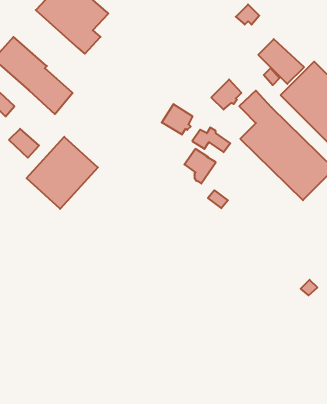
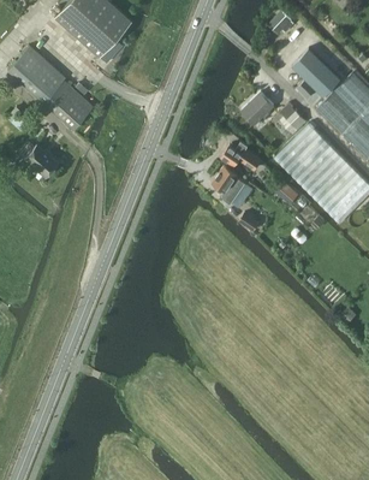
building: [162,104,192,135] -> none
building: [27,137,98,209] -> none

